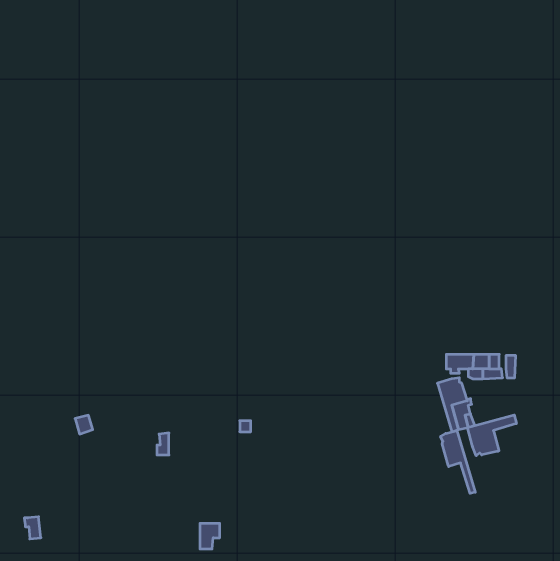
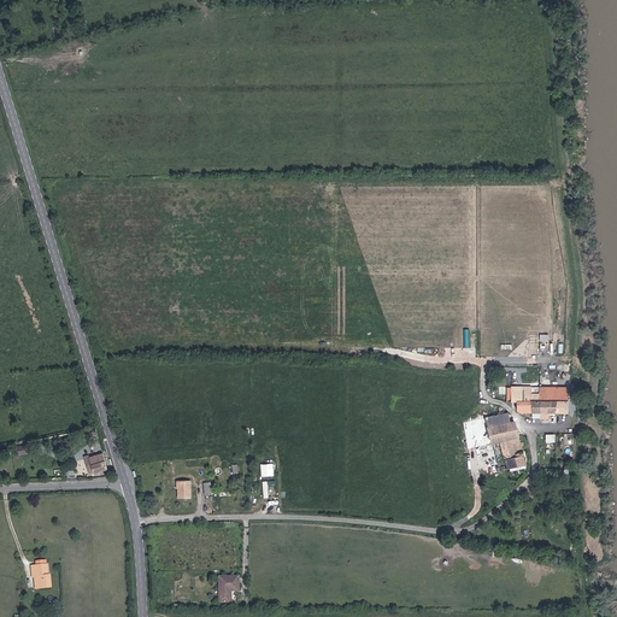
building: [468,415,516,456] -> none
building: [441,430,475,493] -> none

